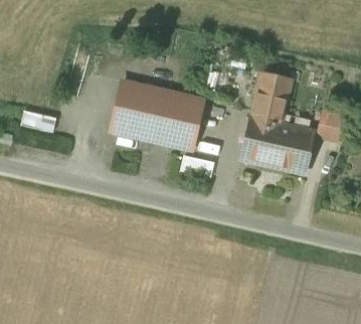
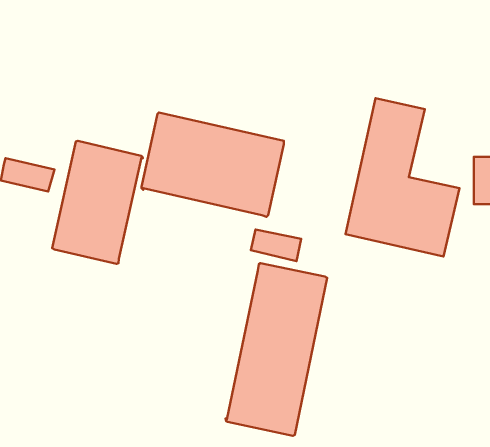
building: none -> [52,141,143,264]
building: none -> [226,263,327,436]

